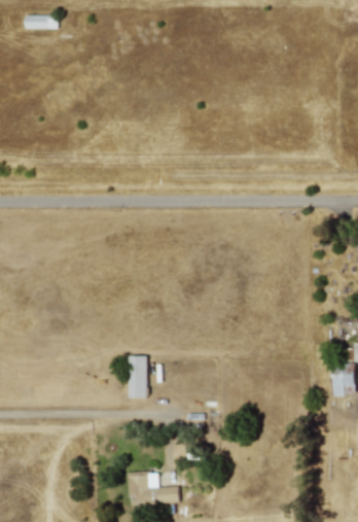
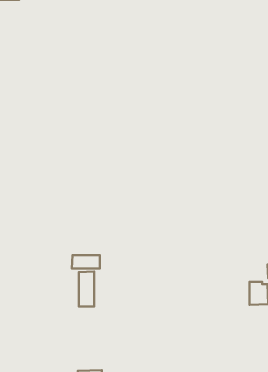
building: none -> [72,255,100,268]

